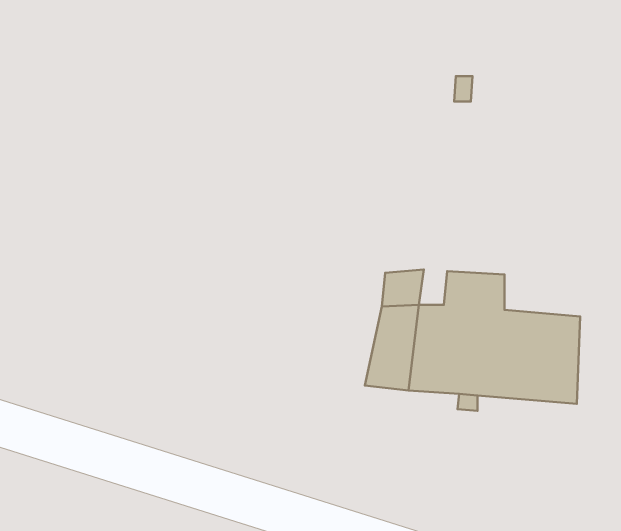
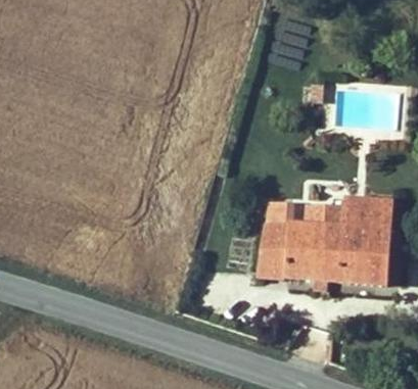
building: none -> [342,199,389,231]

